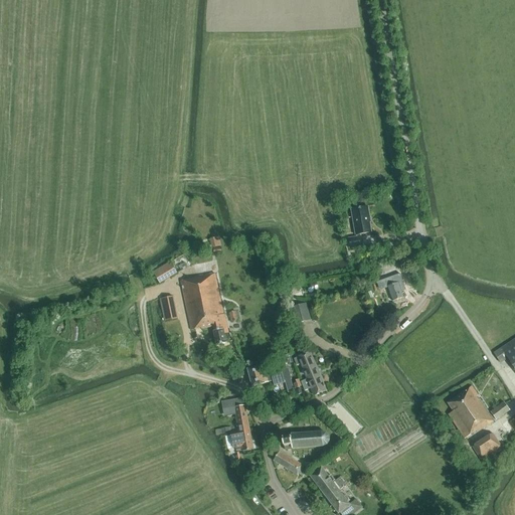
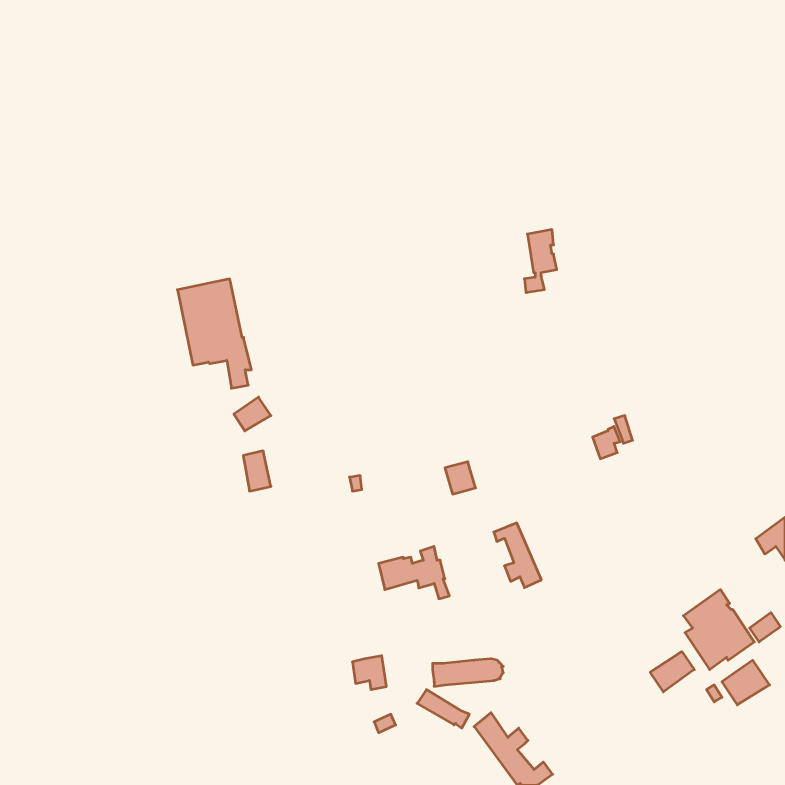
building: [349,205,370,246] -> [524,230,557,293]
building: [180,273,228,344] -> [177,279,251,388]
building: [294,352,325,394] -> [494,523,541,588]
building: [221,396,249,431] -> none
building: none -> [650,652,694,692]

